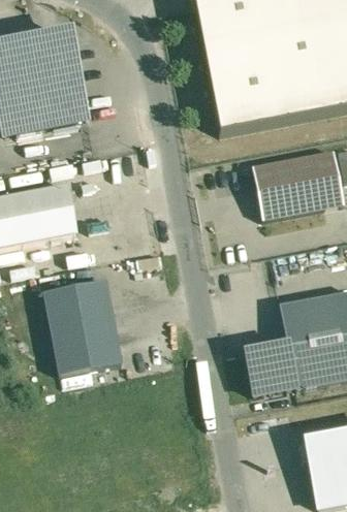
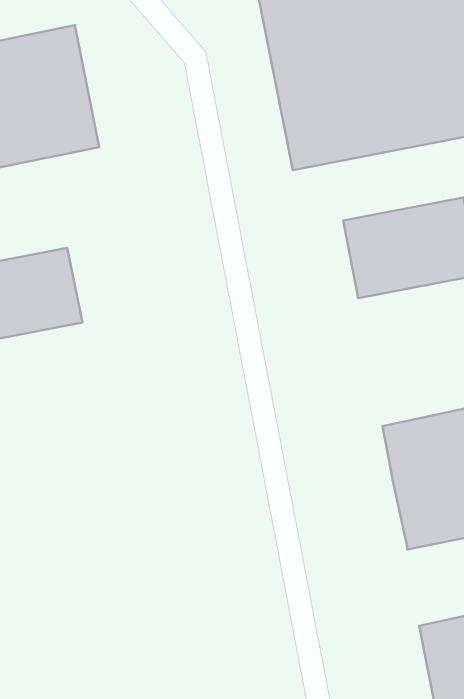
building: [42,280,123,375] -> none
building: [247,342,296,393] -> none

